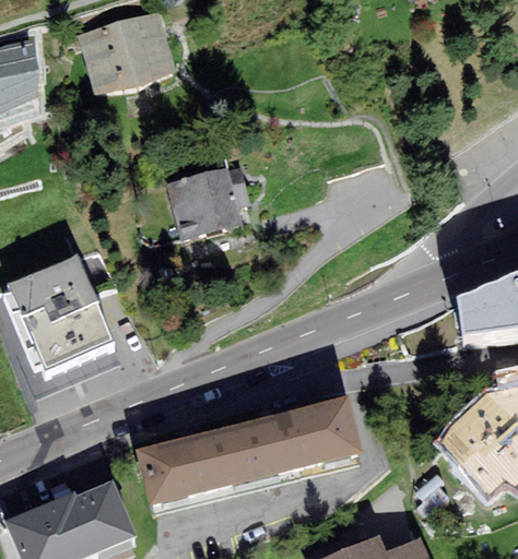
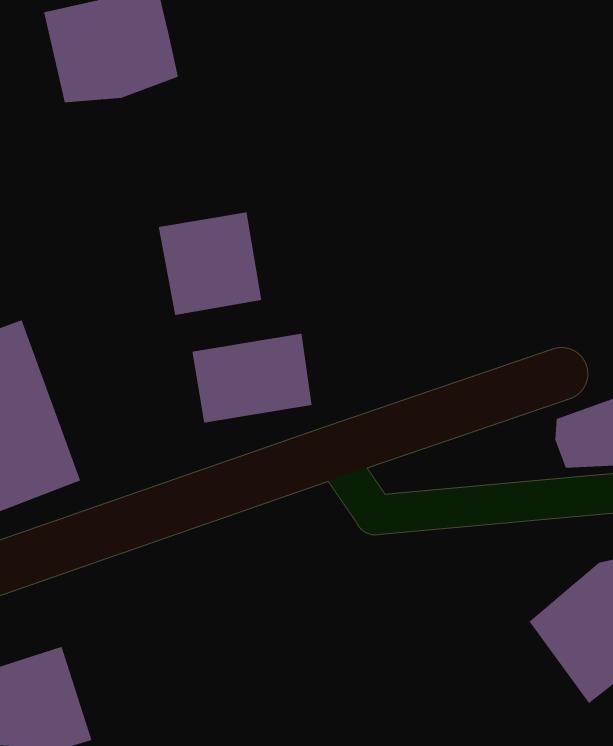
building: none -> [191,333,312,423]
building: [136,395,368,515] -> none

